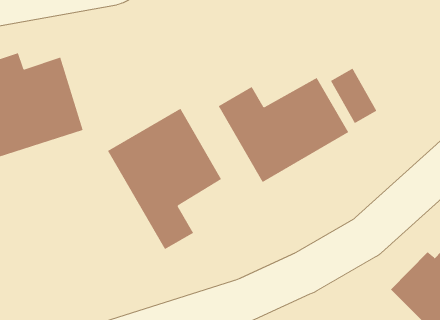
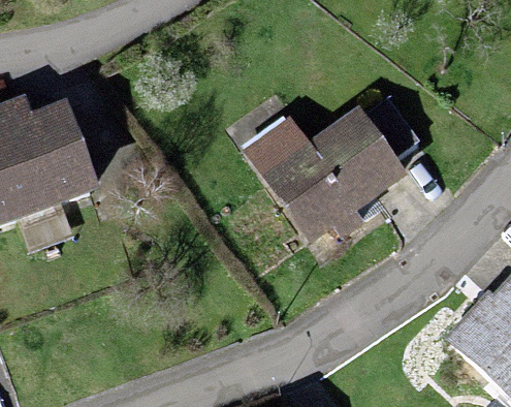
building: [107,108,222,250] -> none

